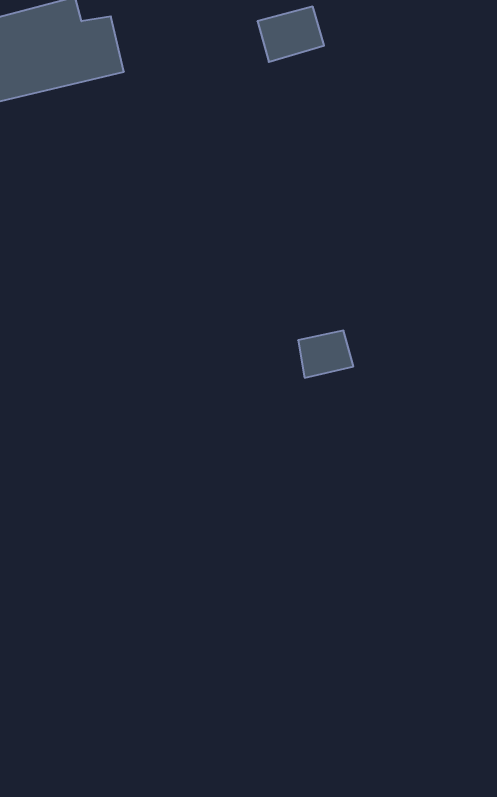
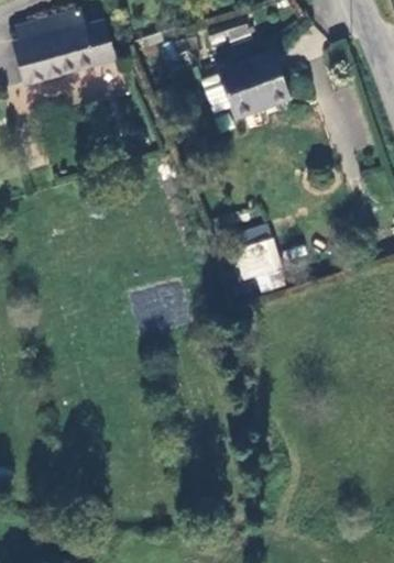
building: none -> [215,52,289,123]

